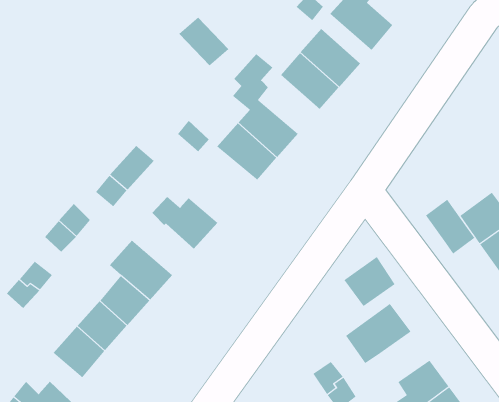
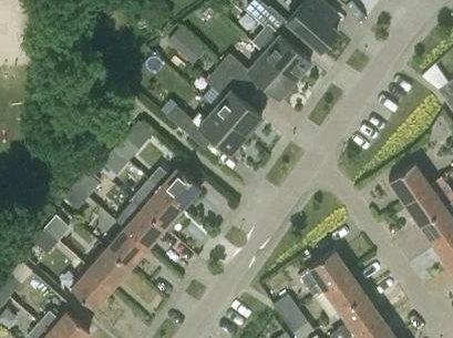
building: [425,199,475,254] -> none
building: none -> [131,178,181,227]
building: [343,256,396,307] -> [325,272,366,311]

